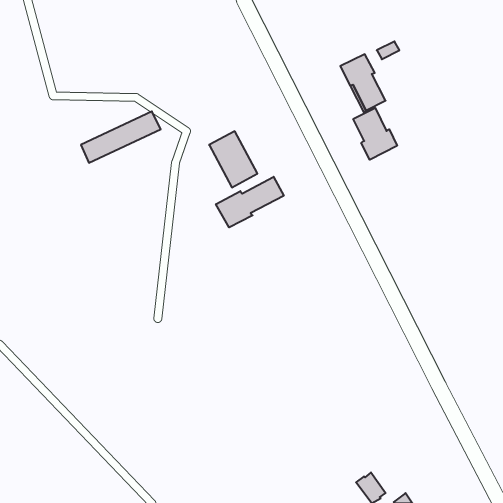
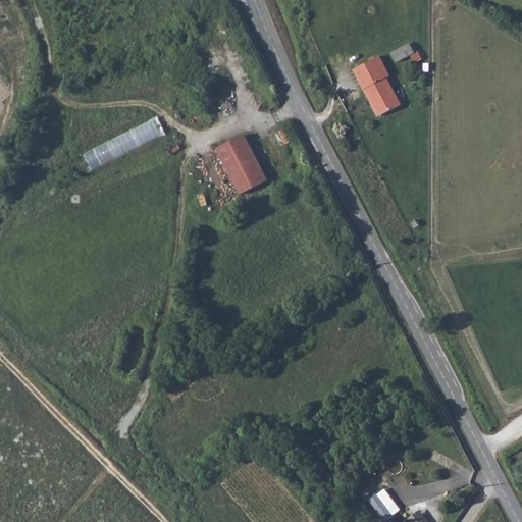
building: [353,108,397,160] -> none
building: [216,177,284,227] -> none

